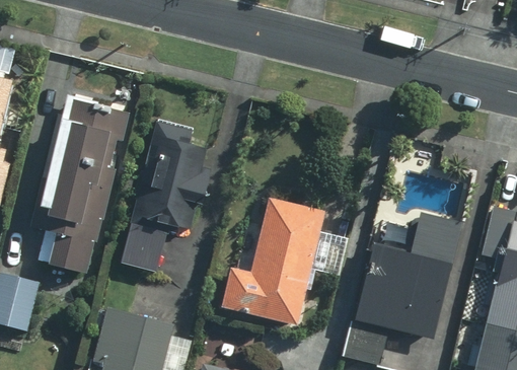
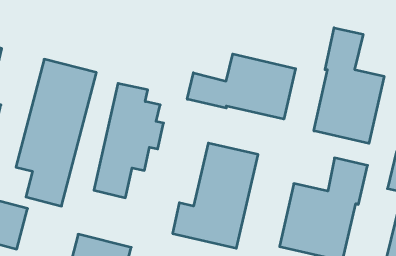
building: none -> [314,28,384,143]
building: none -> [187,54,296,119]

